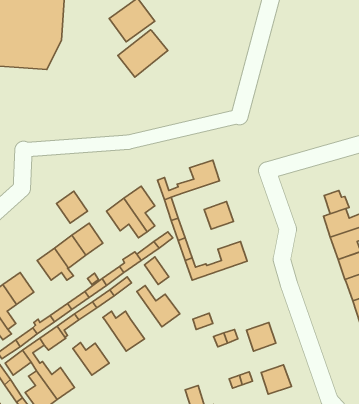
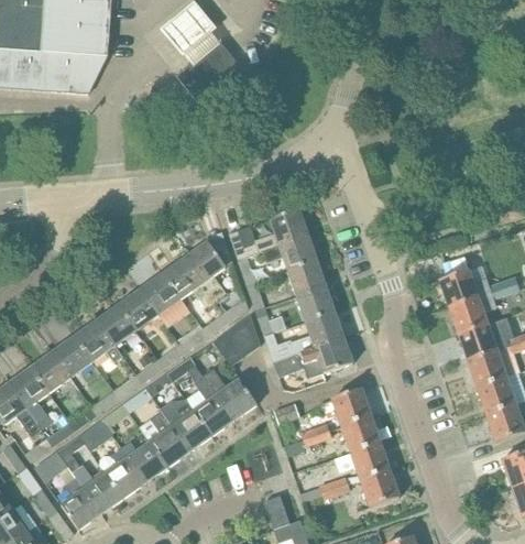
building: none -> [262,235,317,271]
building: [57,191,88,223] -> [142,273,182,314]
building: none -> [297,286,335,322]
building: none -> [226,314,261,357]
building: none -> [54,336,94,377]
building: none -> [273,337,353,388]
building: none -> [194,376,234,436]
building: none -> [332,388,371,425]
building: none -> [147,404,189,467]
building: none -> [335,442,390,479]
building: none -> [106,448,145,498]

